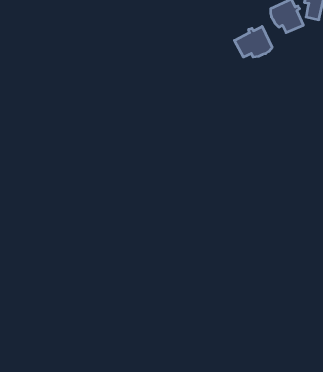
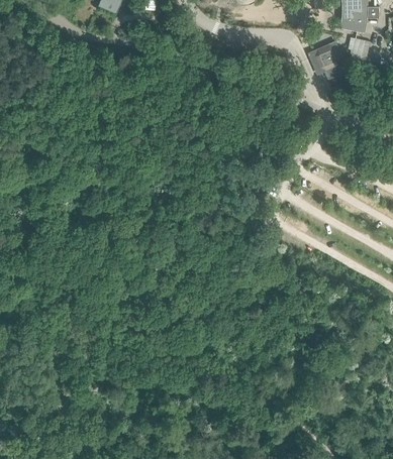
building: [234,26,272,57] -> none

